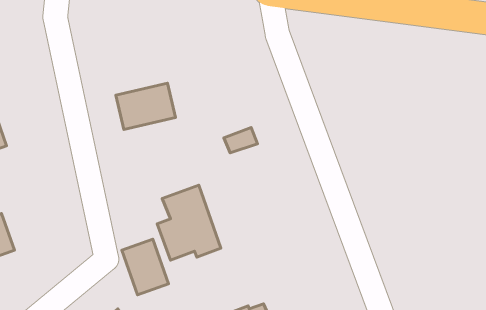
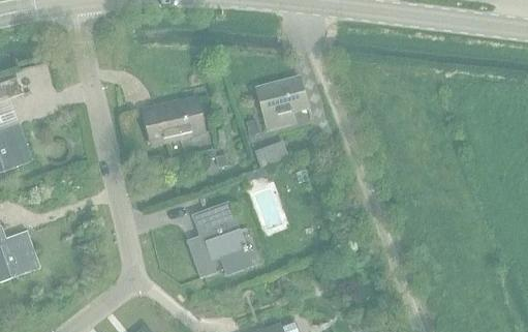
building: none -> [255,81,306,129]
building: [122,239,169,295] -> none

